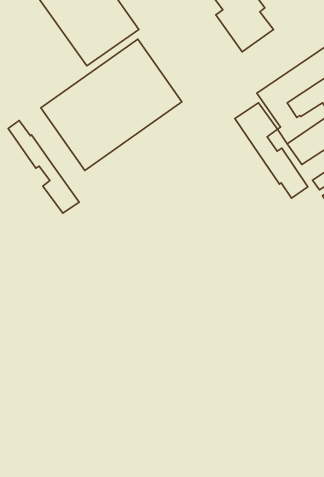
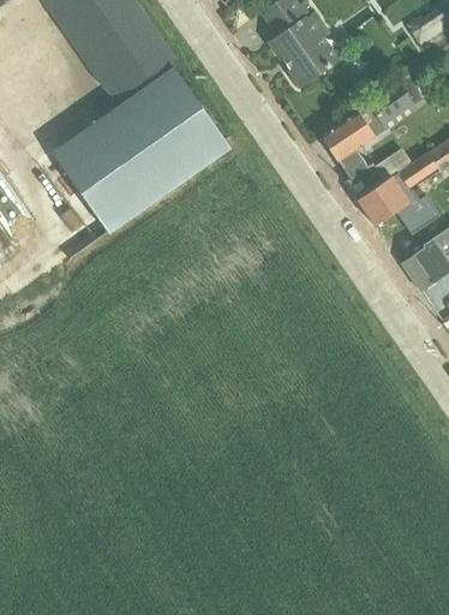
building: [235,103,308,198] -> none
building: [8,120,79,213] -> none

